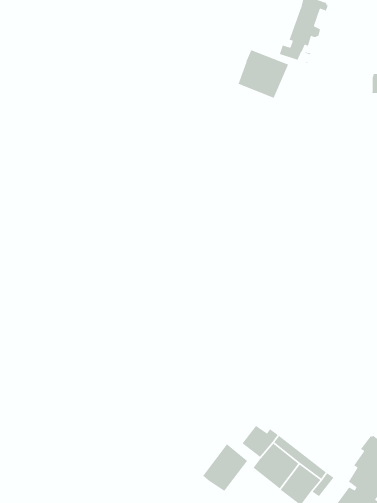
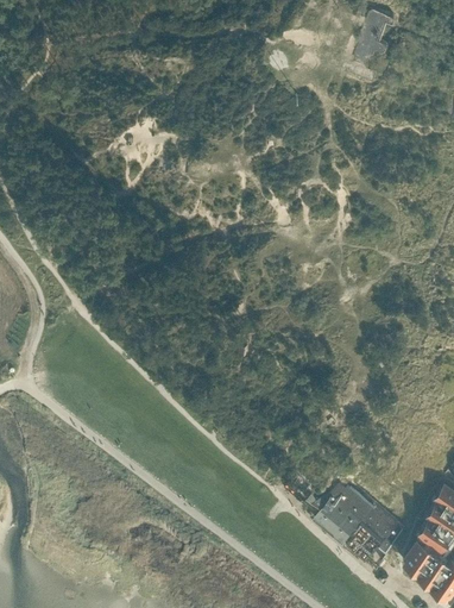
building: [238,49,289,99] -> none
building: [202,443,248,492] -> none

